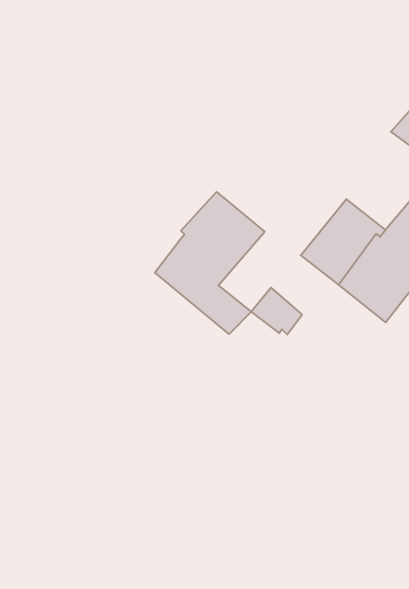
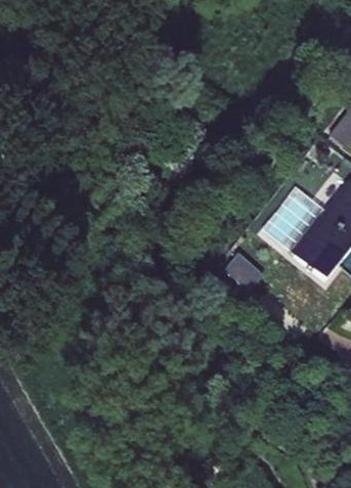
building: [155,192,265,334] -> none

